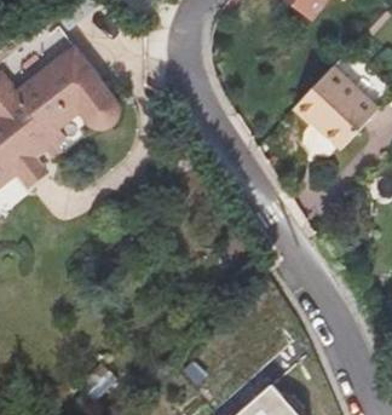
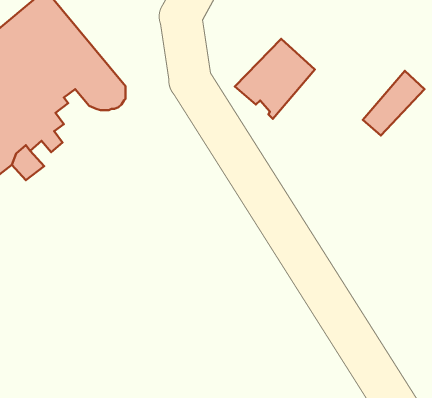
building: [292,65,361,134] -> [235,39,315,119]

